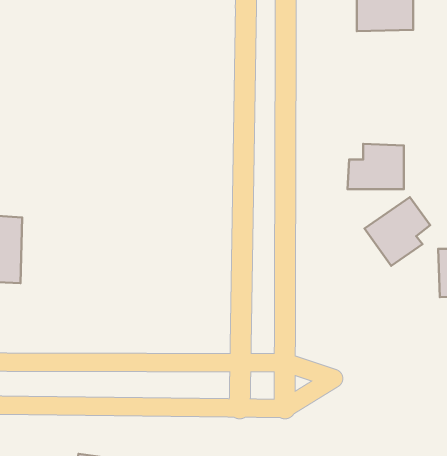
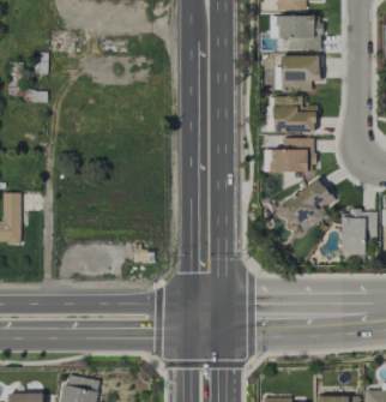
building: none -> [281,54,320,91]
building: none -> [273,96,316,132]

